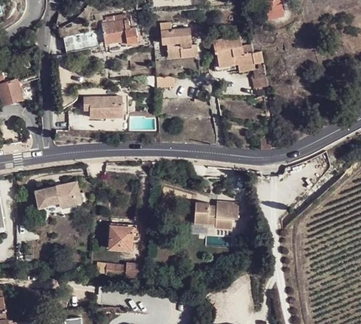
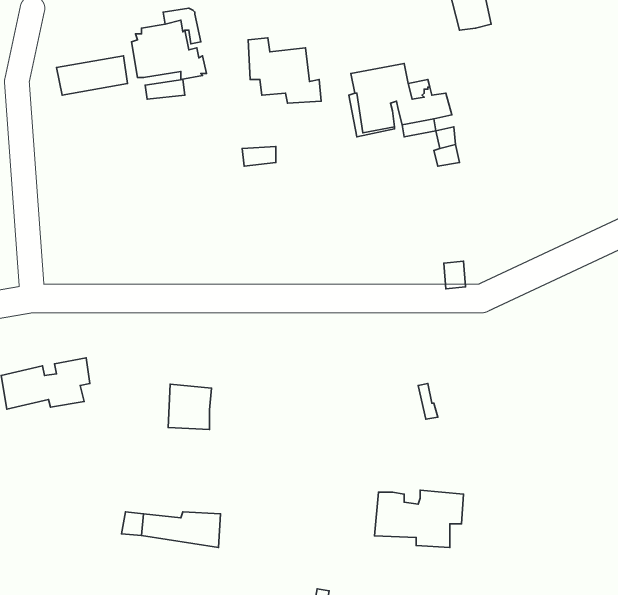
building: [82,97,121,120] -> none
building: [193,202,238,231] -> [375,490,464,548]
building: [109,227,131,250] -> [168,384,212,430]

